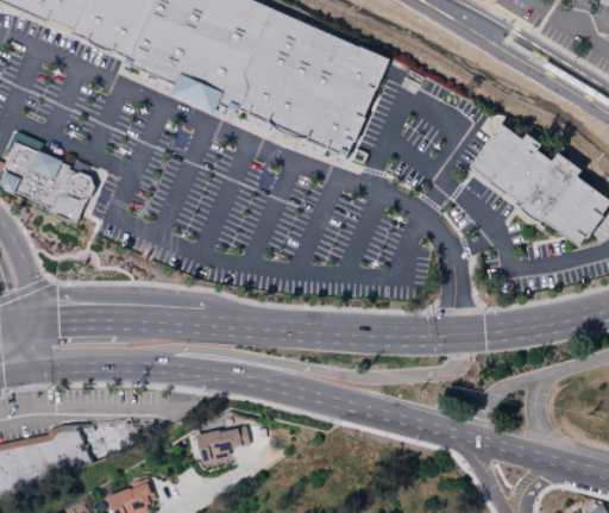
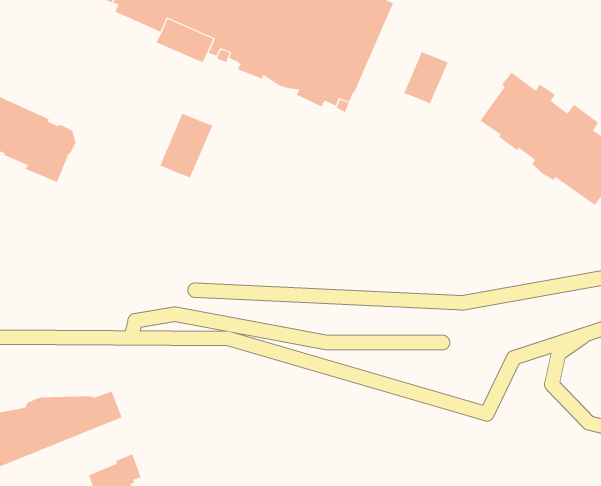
building: none -> [404,51,448,104]
building: none -> [159,113,213,178]
building: [195,426,249,462] -> none

